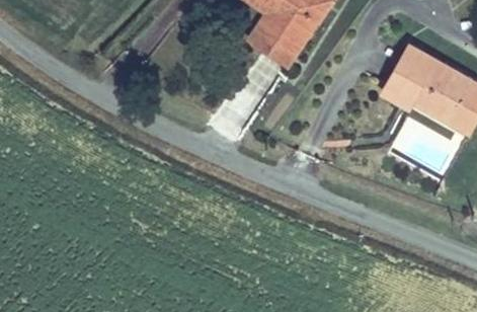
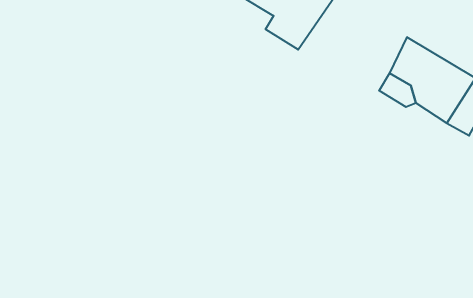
building: [248,12,299,66] -> none

